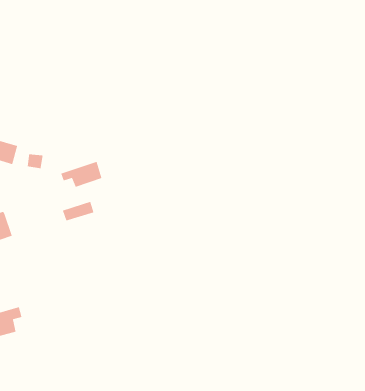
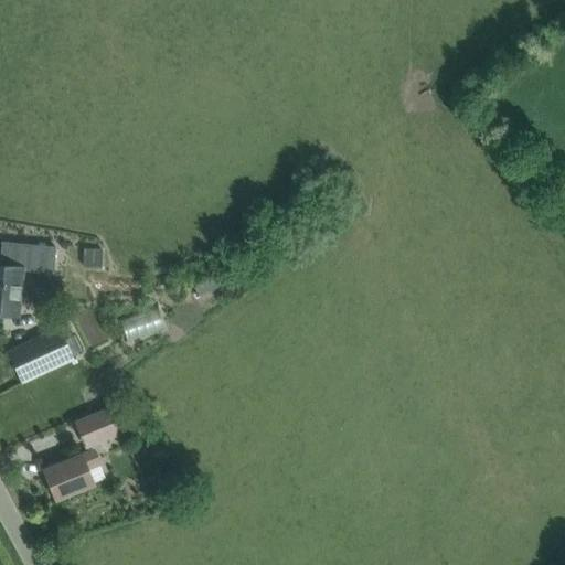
building: [60,161,103,188] -> none
building: none -> [75,409,117,447]

